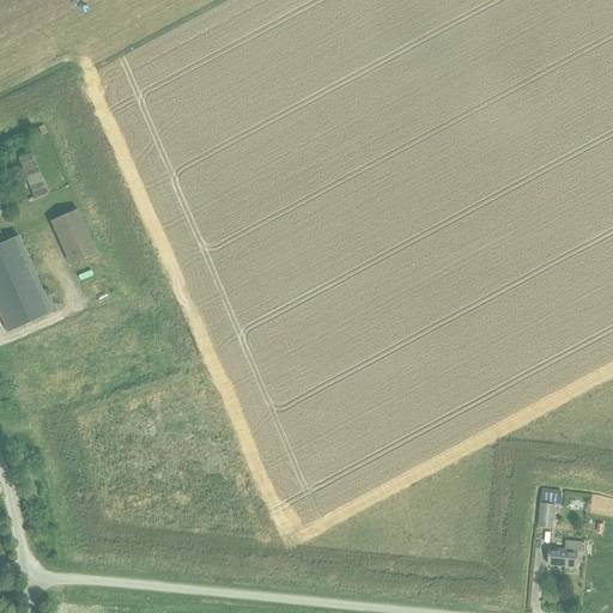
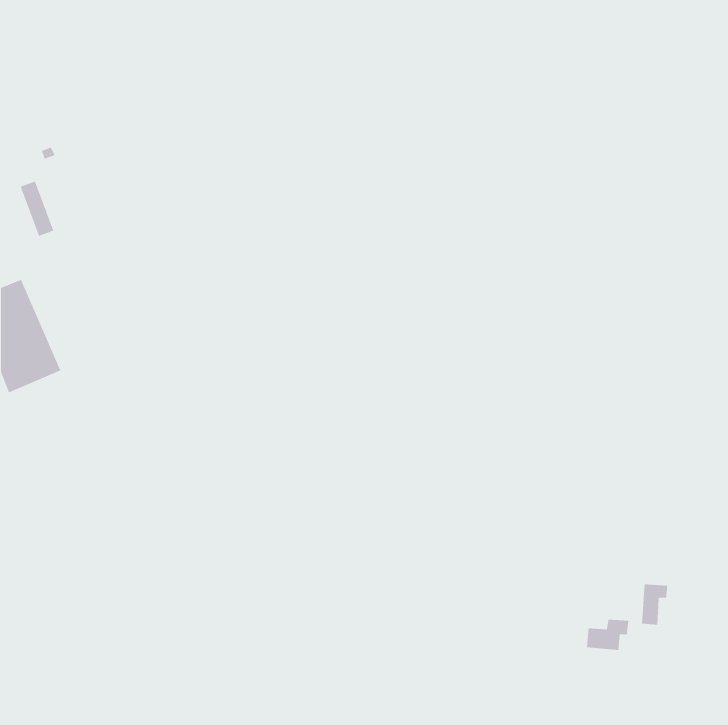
building: [48,208,96,265] -> none
building: [548,539,584,565] -> [586,619,629,650]

